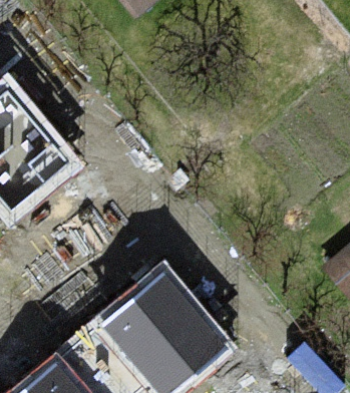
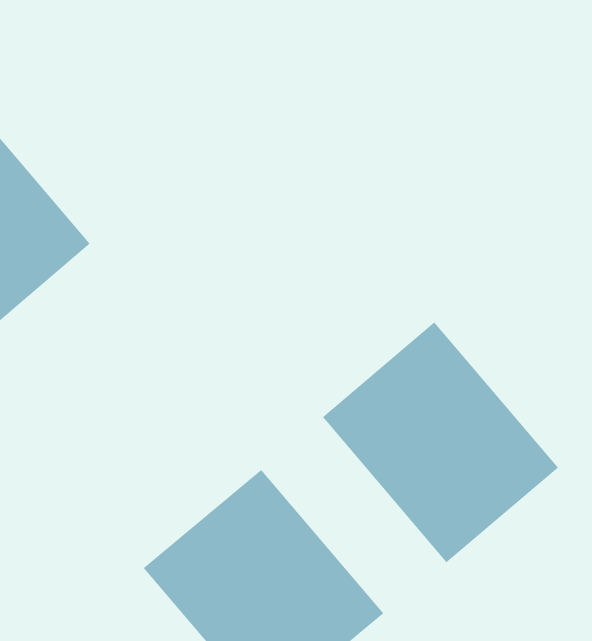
building: none -> [322,321,559,563]

